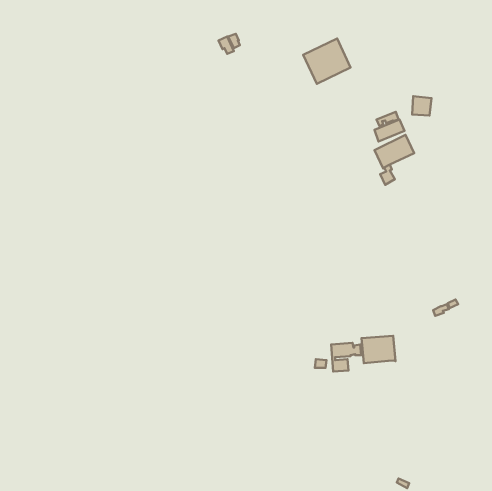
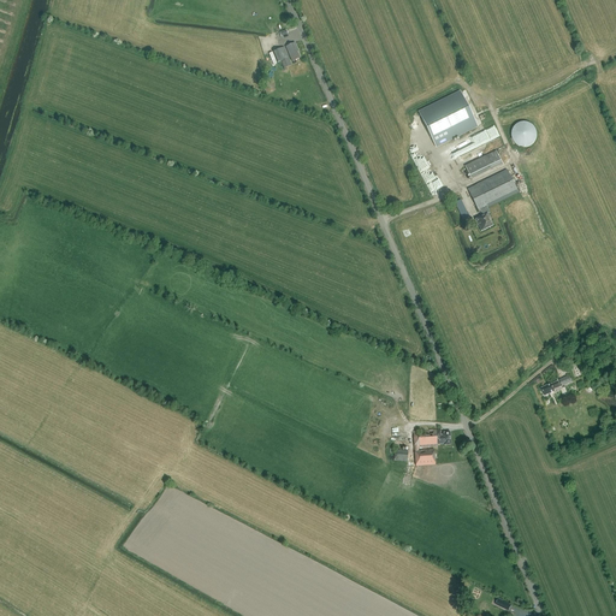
building: [303,39,350,84] -> [419,90,478,147]
building: [362,336,395,363] -> none

